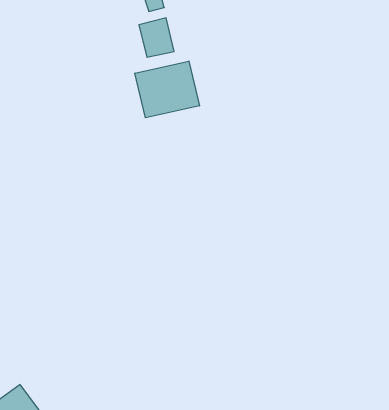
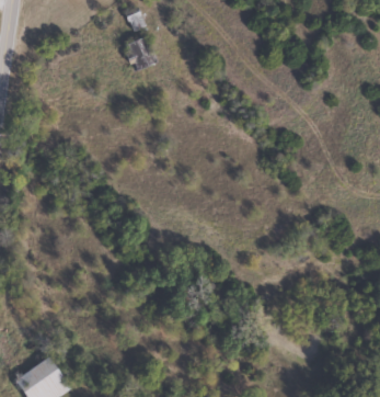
building: [135,61,199,118] -> none

